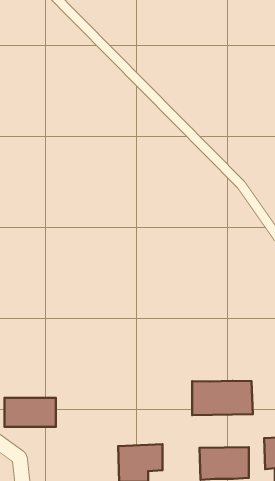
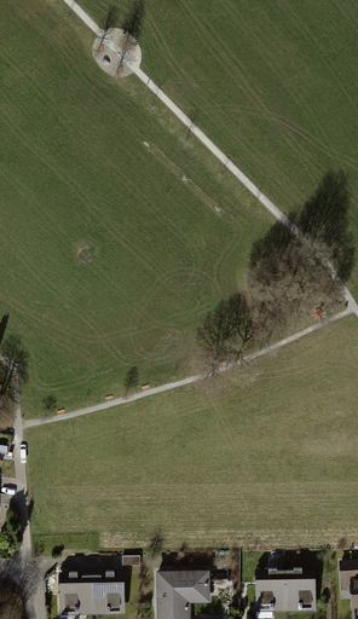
building: [192,381,253,415] -> none
building: [4,398,56,427] -> [60,574,125,611]

